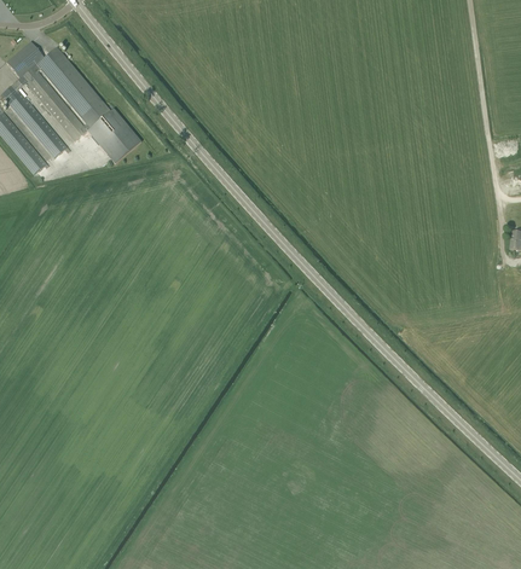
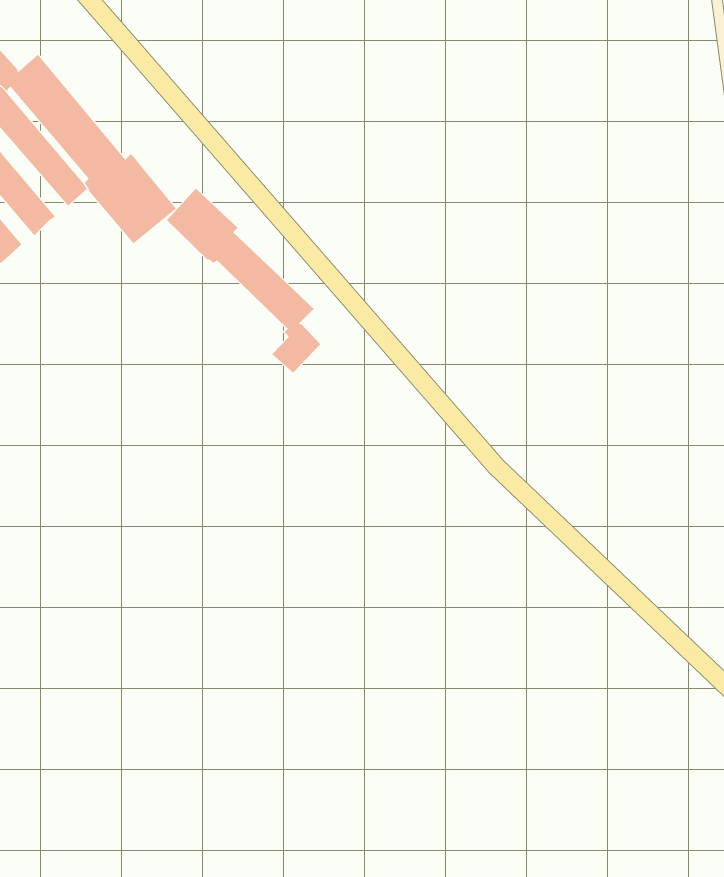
building: none -> [166,188,321,374]

